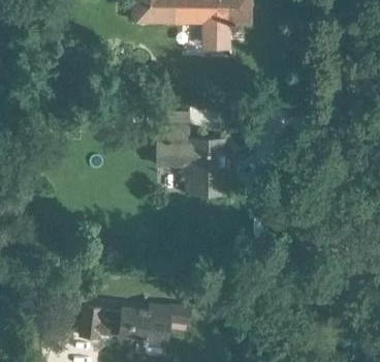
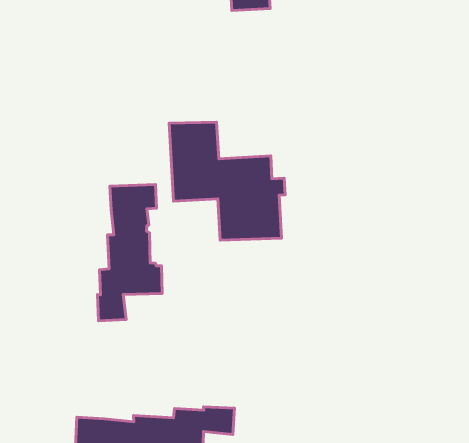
building: none -> [97,184,162,321]

